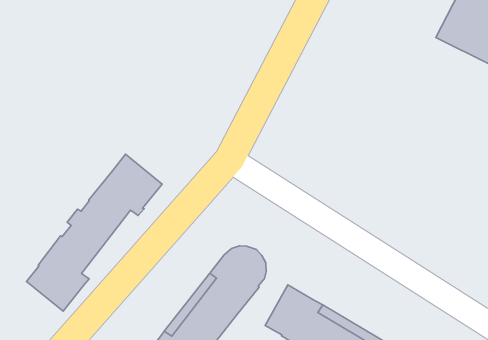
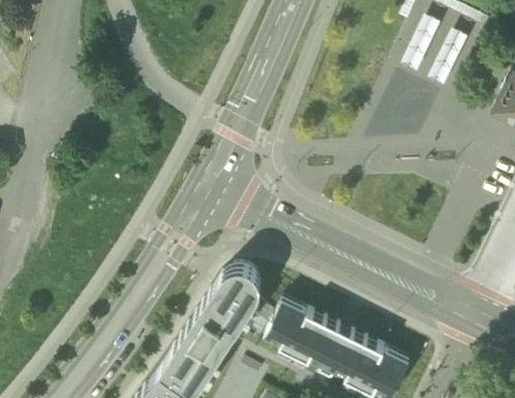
building: [27,154,162,311] -> none

